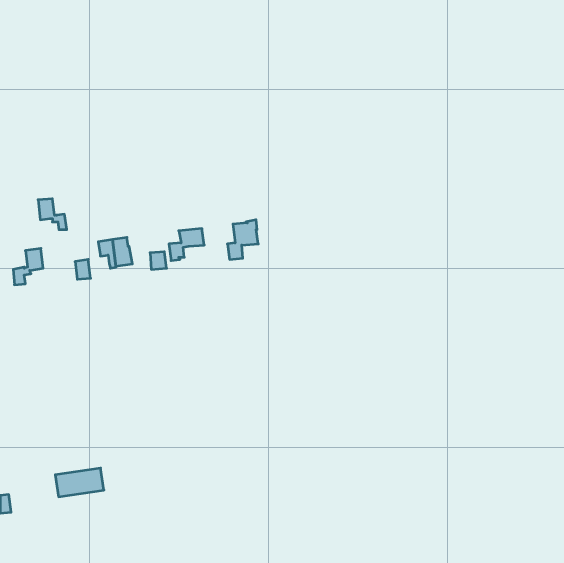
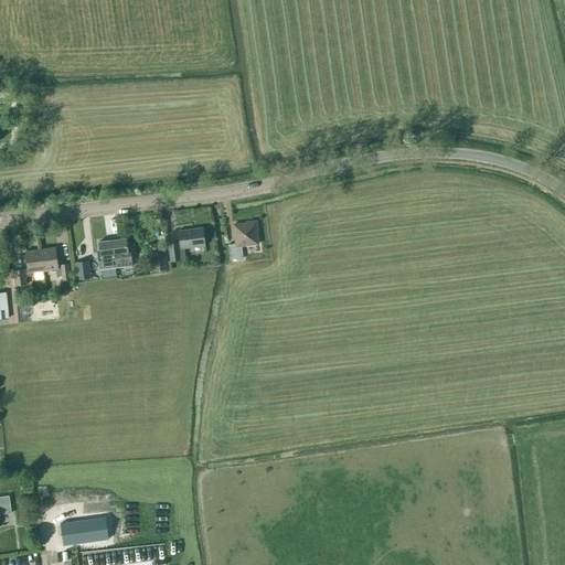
building: [38,199,67,230] -> [41,247,70,278]
building: [55,468,104,497] -> [60,515,108,544]

